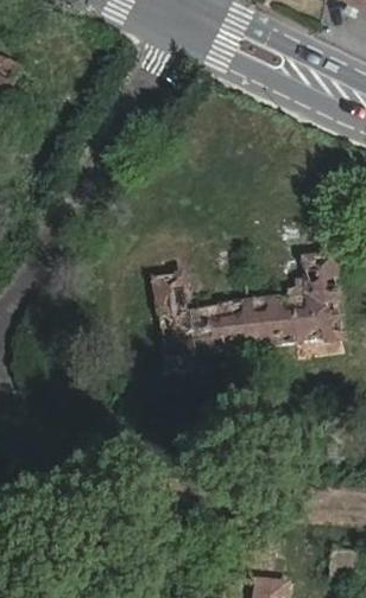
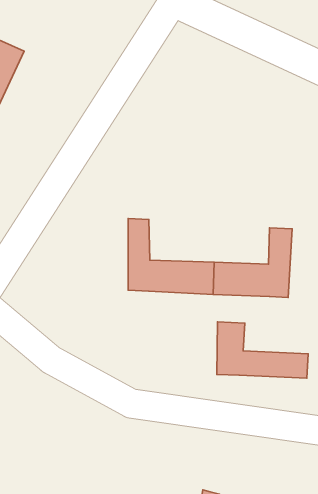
building: none -> [217,322,308,378]

